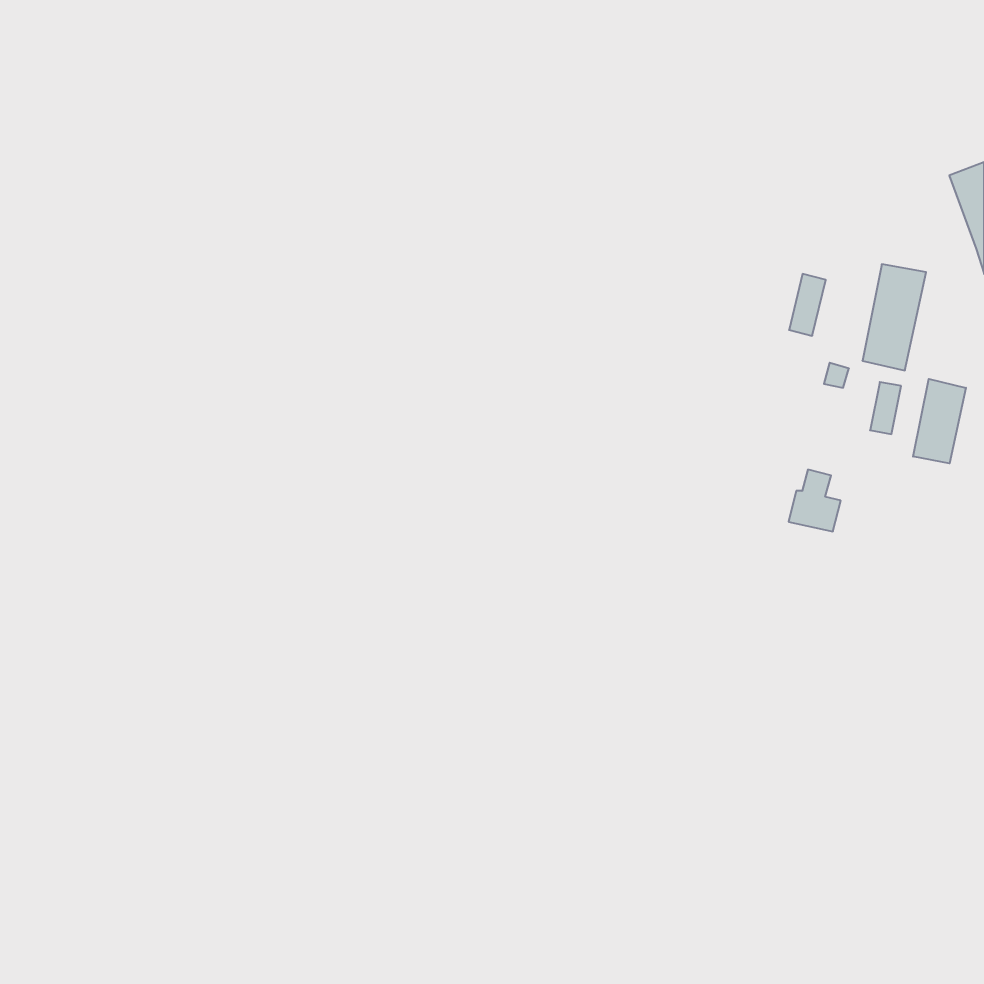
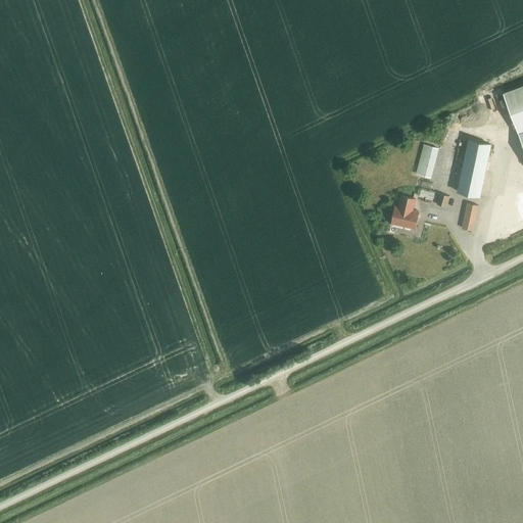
building: [913,379,966,463] -> none
building: [789,470,841,531] -> [390,196,418,229]

